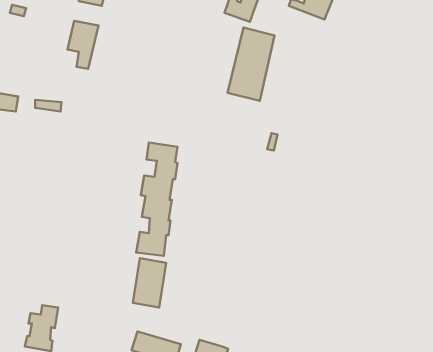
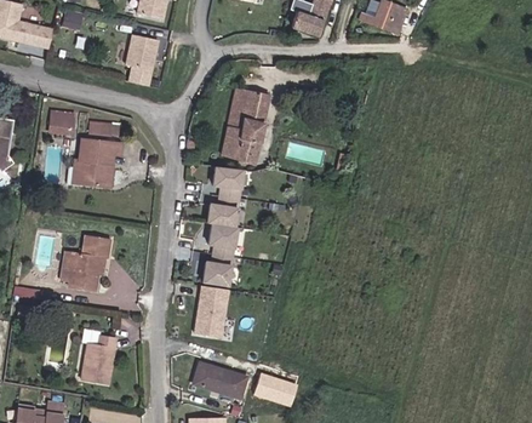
building: [228,27,275,101] -> [221,86,270,164]
building: none -> [79,139,120,187]
building: none -> [61,235,111,290]

